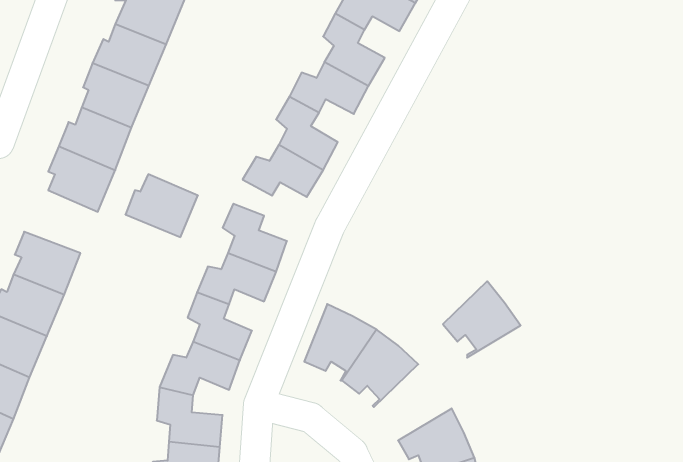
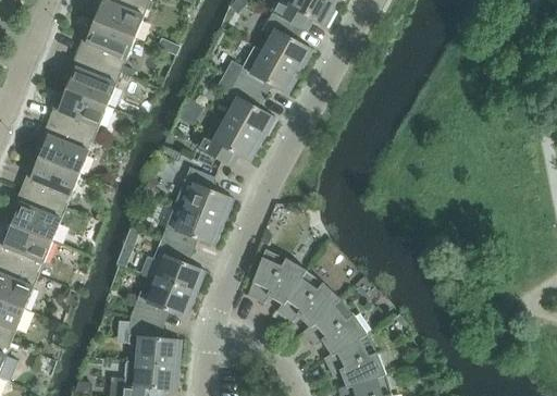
building: [125,174,198,237] -> [21,157,79,208]
building: [443,281,521,358] -> [304,298,367,360]

